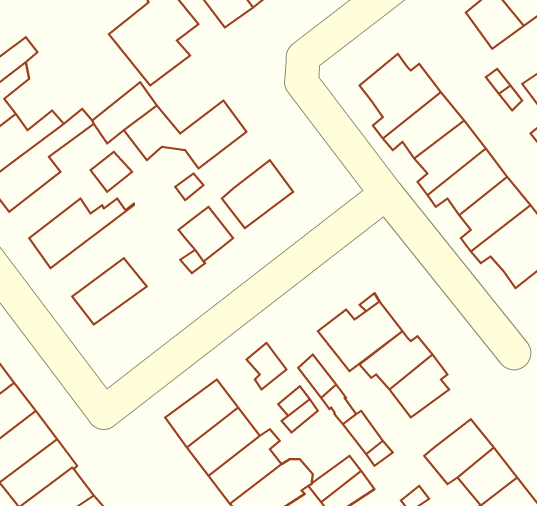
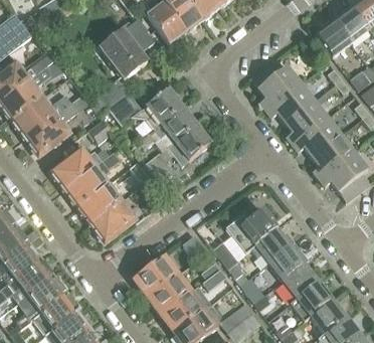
building: none -> [153,107,196,141]
building: none -> [63,151,120,206]
building: none -> [89,200,135,241]
building: none -> [282,263,318,298]

